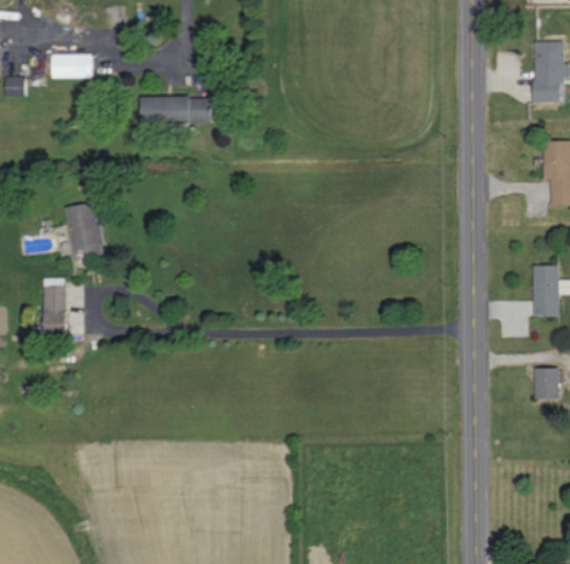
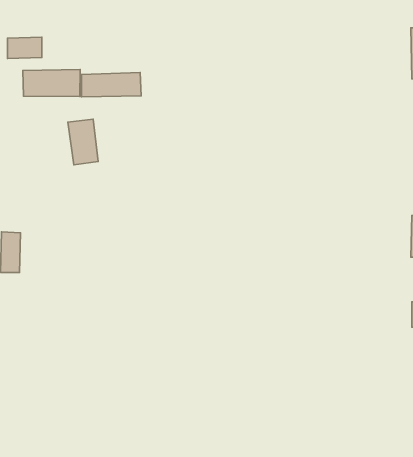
building: none -> [23,70,80,97]
building: [65,203,102,258] -> [68,119,98,165]

